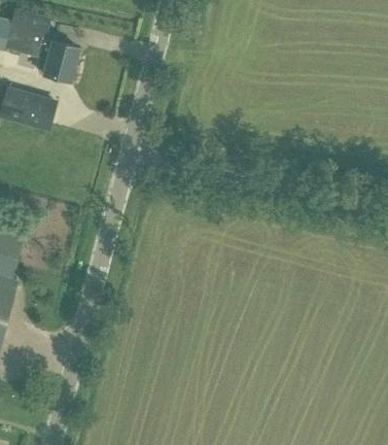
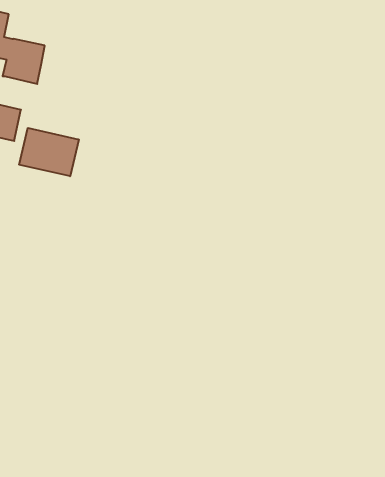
building: none -> [19,128,79,176]

